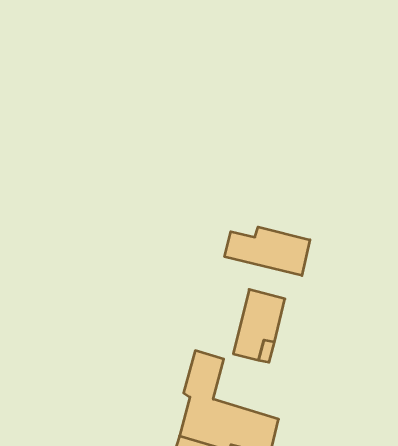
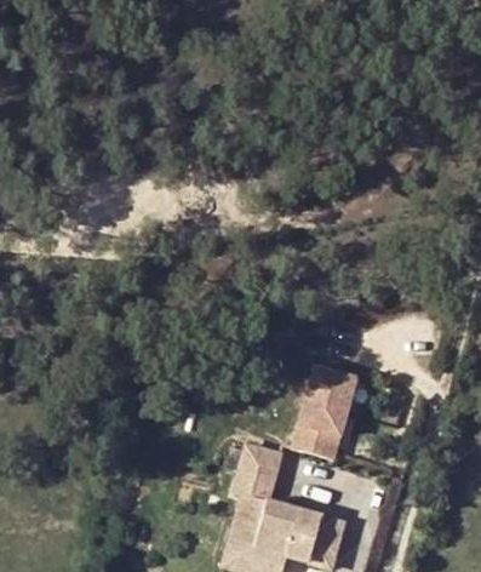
building: [225,227,310,276] -> none

